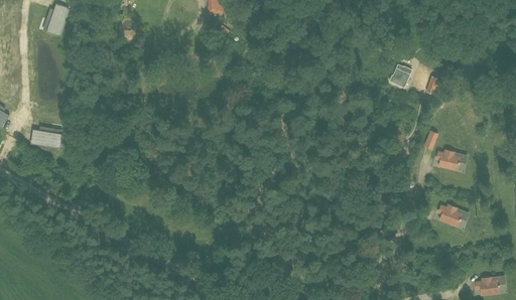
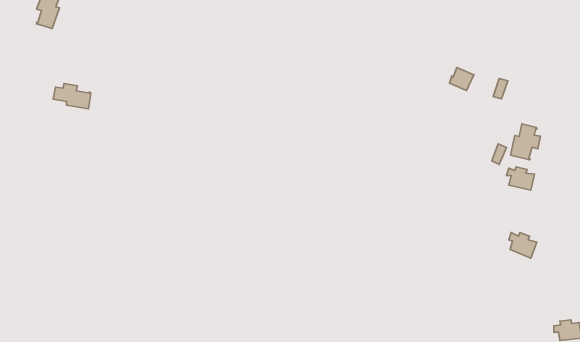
building: none -> [510,124,540,160]
building: [30,126,61,147] -> [53,83,91,109]

